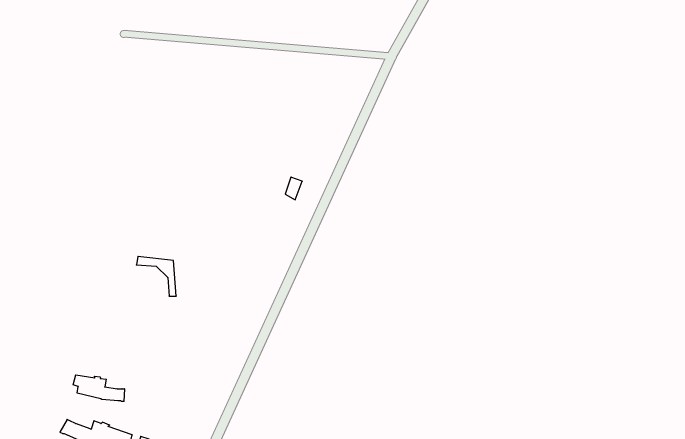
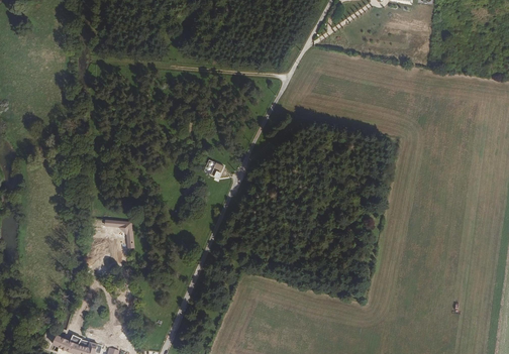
building: [73,375,124,401] -> none

